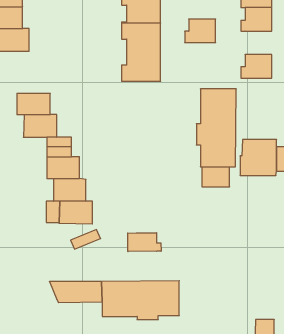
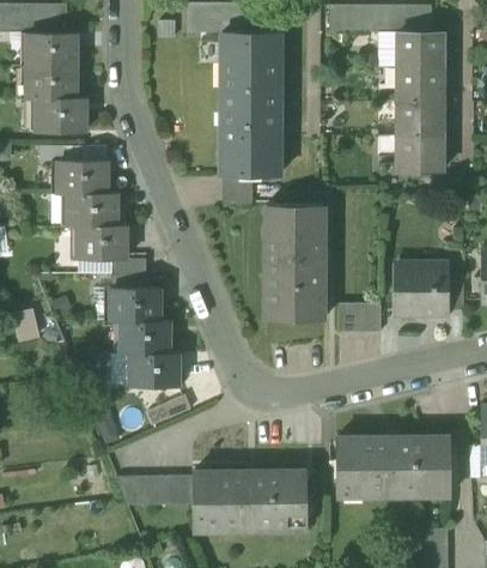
building: [185,19,216,43] -> [397,102,443,137]
building: none -> [57,161,106,194]
building: none -> [223,176,252,205]
building: [196,89,236,167] -> [266,205,324,320]
building: [128,233,161,252] -> none
building: none -> [335,437,450,495]

